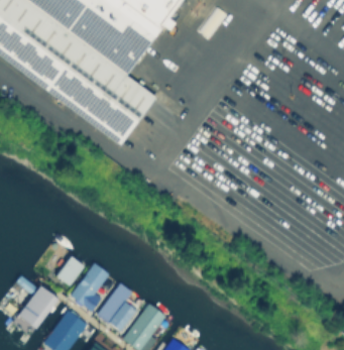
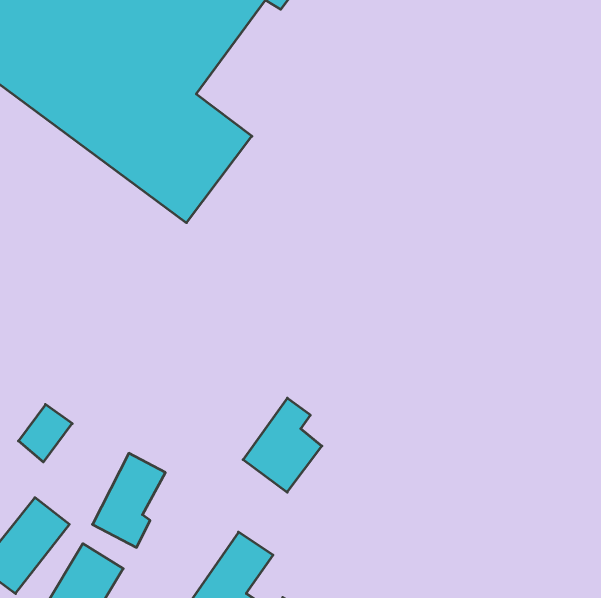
building: [56,256,85,286] -> [18,404,72,462]
building: [98,282,139,332] -> [243,398,322,492]

